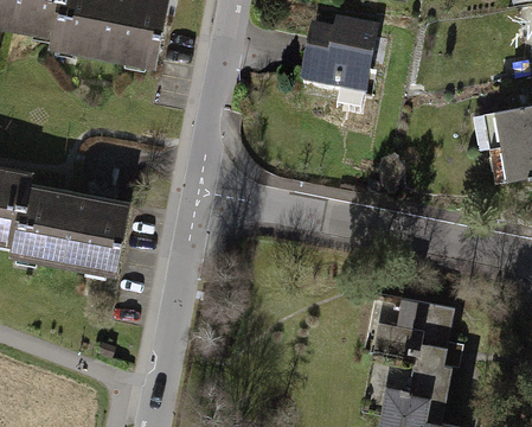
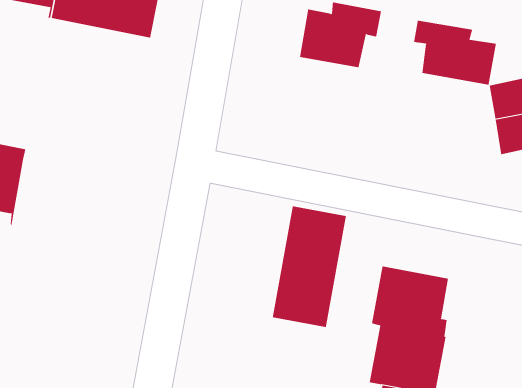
building: none -> [414,20,497,85]
building: [14,187,127,273] -> none
building: none -> [272,206,346,328]

